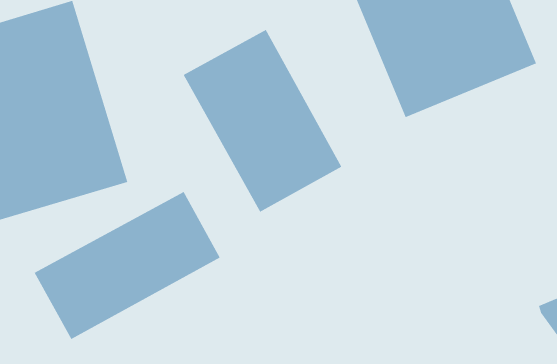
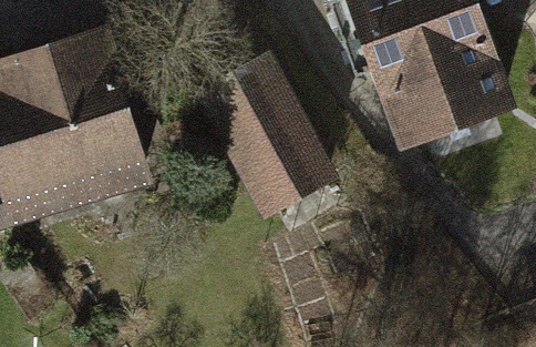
building: [34,191,220,340] -> none

